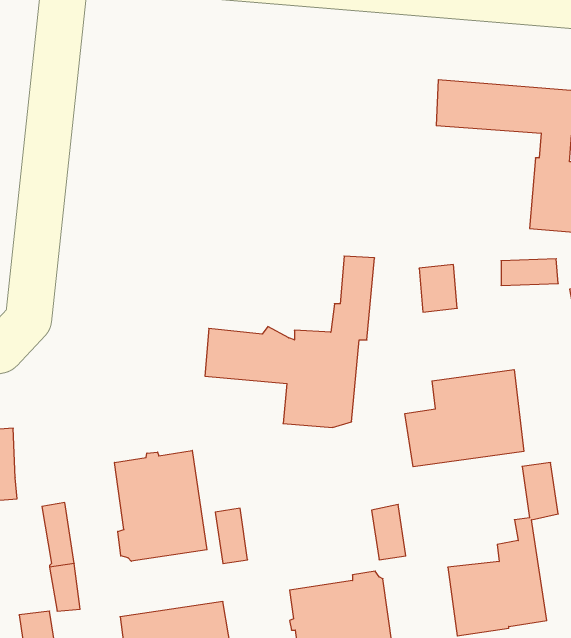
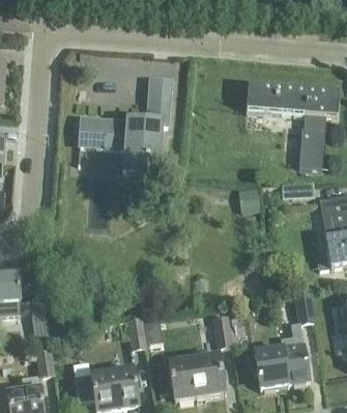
building: [205,256,375,427] -> [79,77,171,170]
building: [405,370,524,467] -> none
building: [115,450,207,561] -> none

